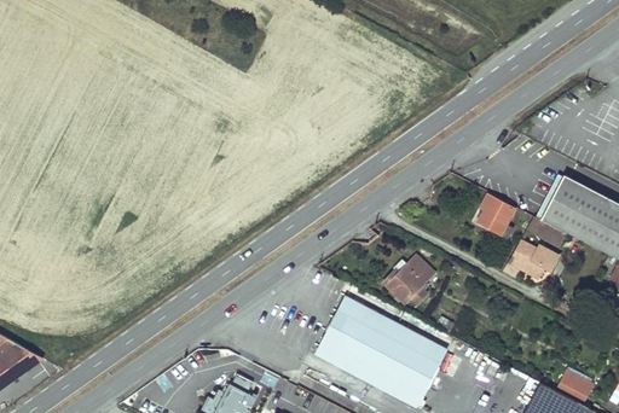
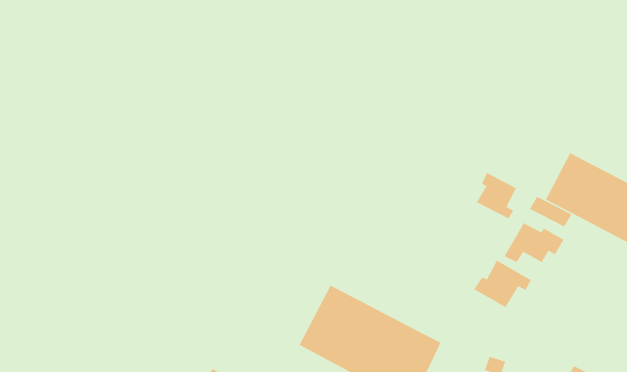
building: [384,256,434,303] -> none
building: none -> [473,259,532,308]

